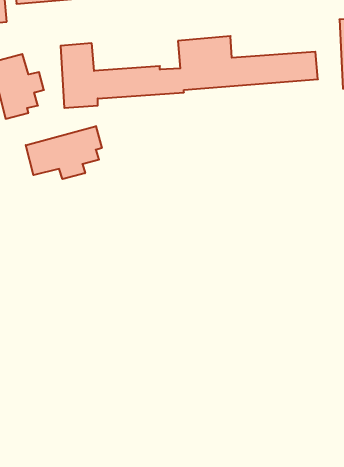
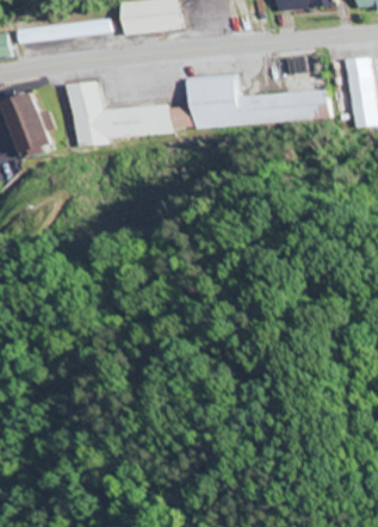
building: [26,126,102,179] -> none

